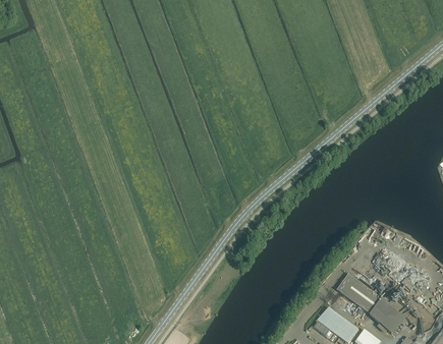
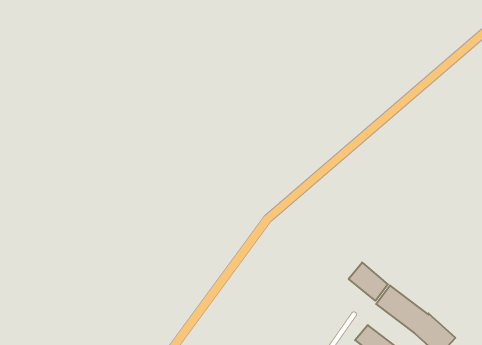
building: none -> [349,262,388,301]

